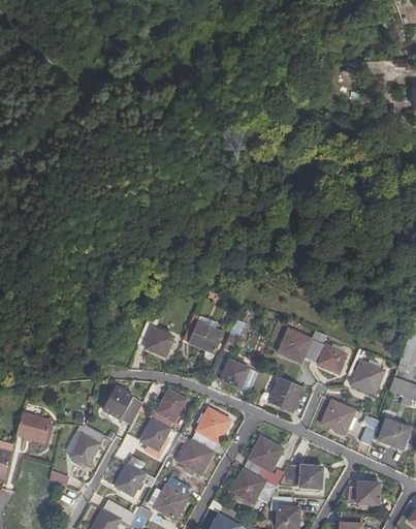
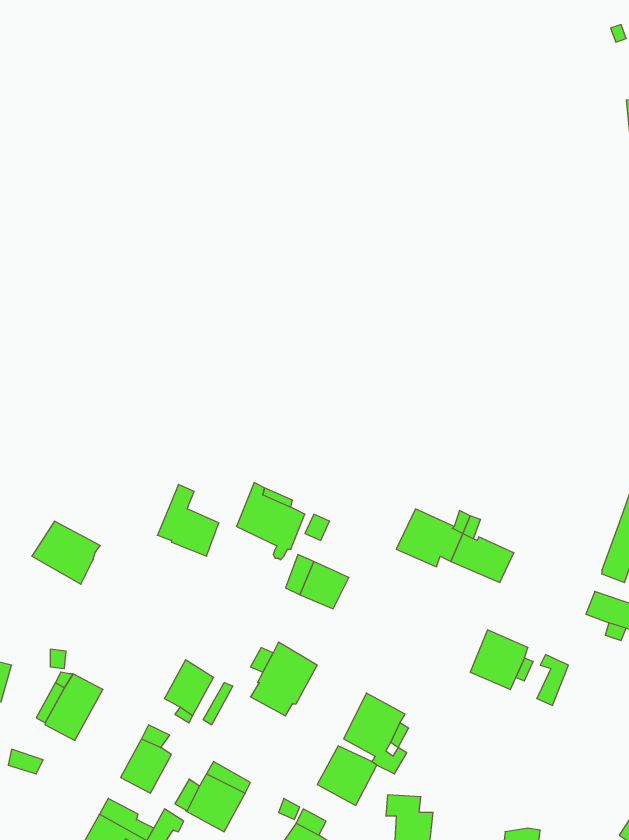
building: [347,357,384,394] -> none
building: [268,377,302,411] -> none
building: [102,387,142,425] -> [32,521,100,584]
building: [149,390,186,428] -> none
building: [378,419,409,448] -> none
building: [178,439,213,474] -> none
building: [279,466,321,488] -> none
building: [349,481,379,504] -> none

